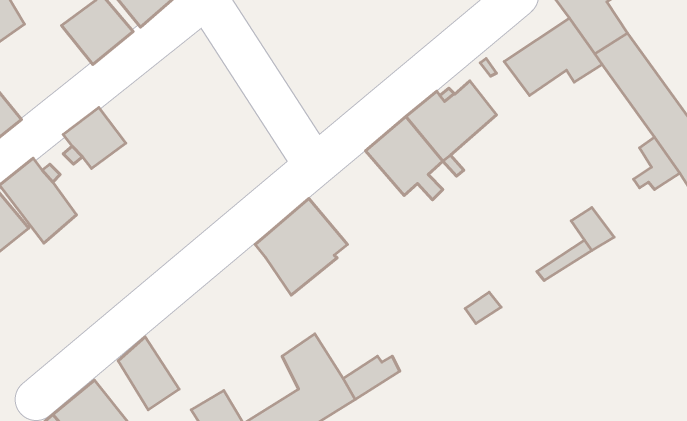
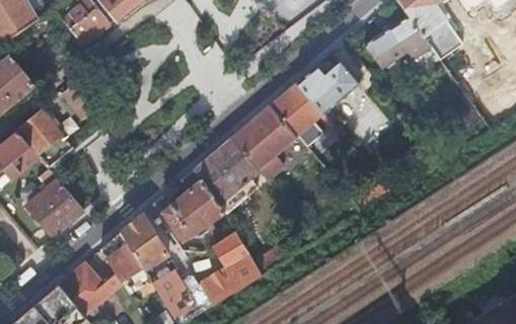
building: none -> [231,106,296,179]
building: none -> [25,170,84,238]
building: none -> [162,179,224,241]
building: none -> [120,215,167,268]

